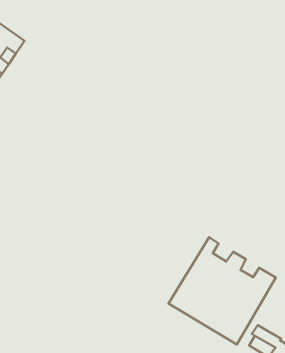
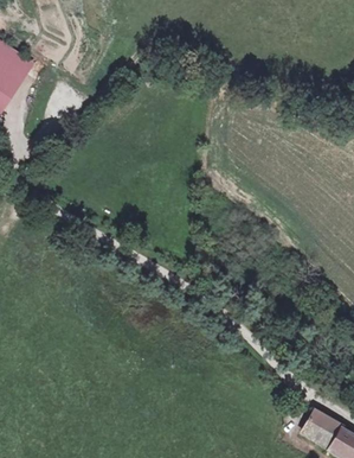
building: [169,237,276,344] -> none

